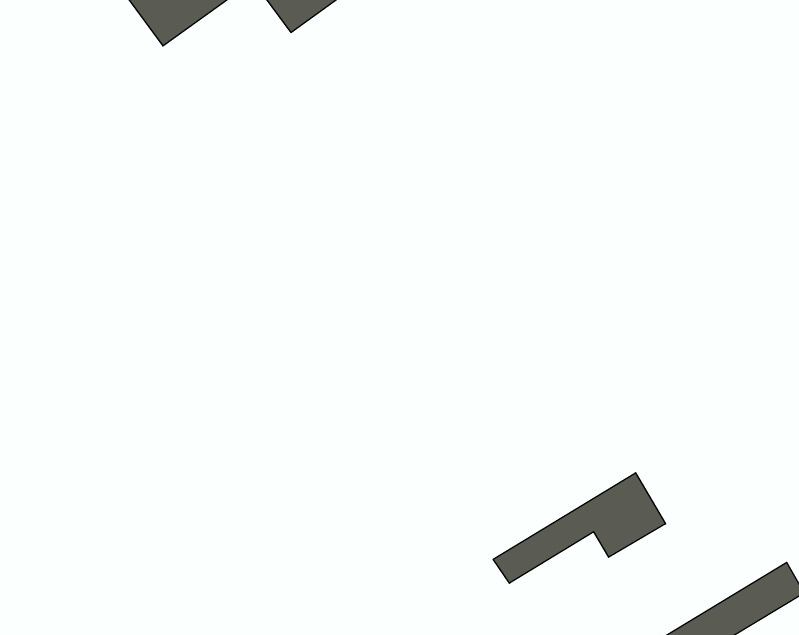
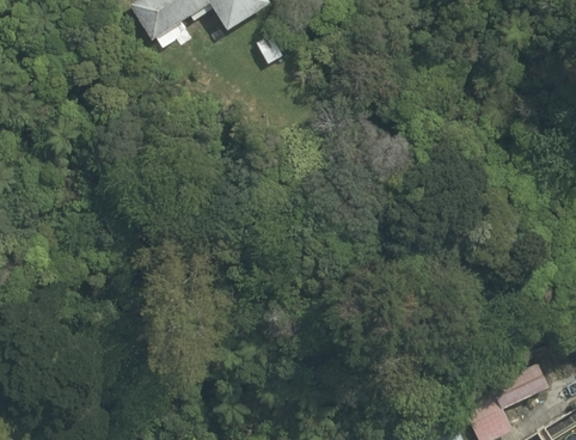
building: [493,473,666,583] -> none

